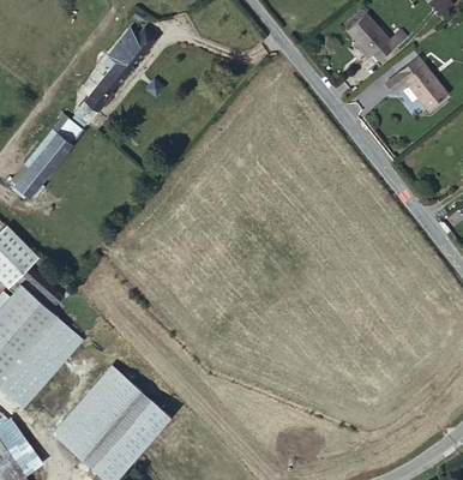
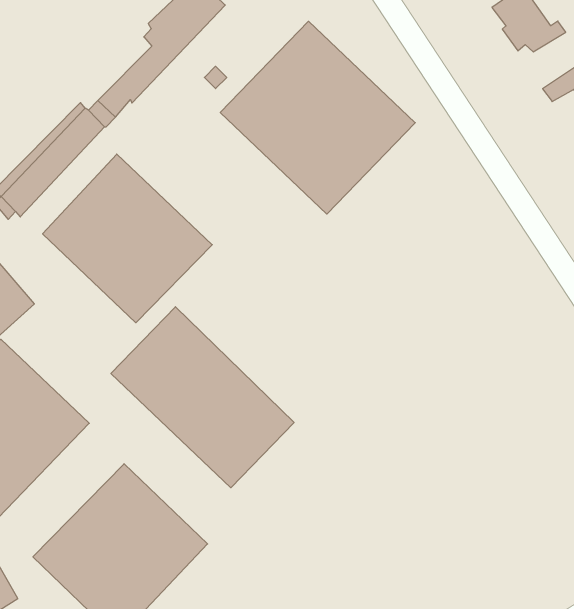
building: none -> [220,21,415,214]
building: none -> [43,154,212,323]
building: none -> [111,307,294,488]

